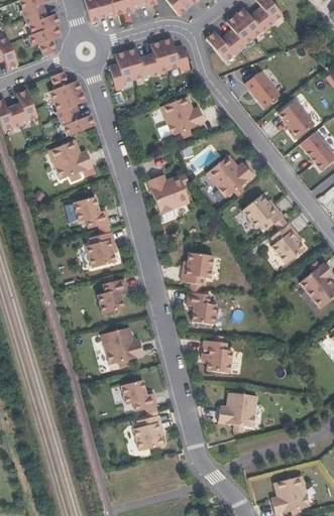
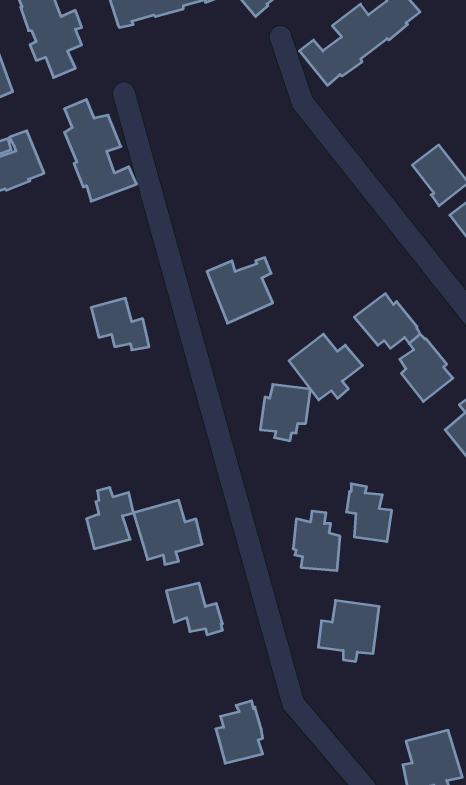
building: [107,37,188,90] -> none
building: [246,68,286,107] -> none
building: [158,96,203,138] -> none
building: [51,139,97,181] -> none
building: [205,155,252,198] -> [289,334,363,400]
building: [83,229,115,269] -> none
building: [95,276,125,315] -> [86,488,133,549]
building: [186,287,215,325] -> [346,484,392,542]
building: [132,411,162,452] -> [216,701,263,763]

